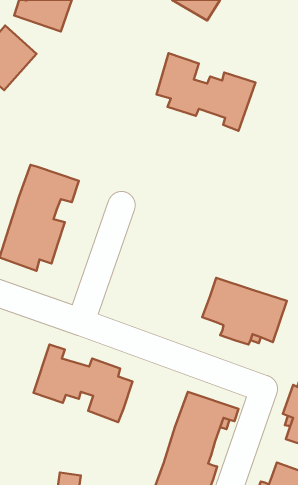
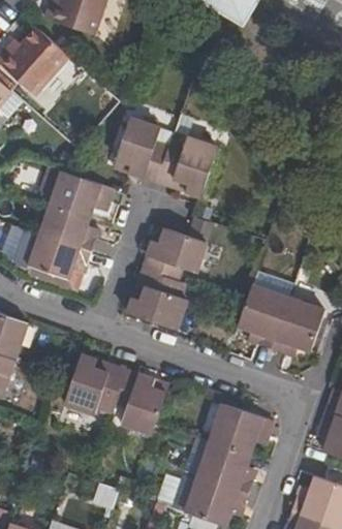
building: [157,53,256,131] -> [117,116,218,195]
building: none -> [127,228,207,330]

